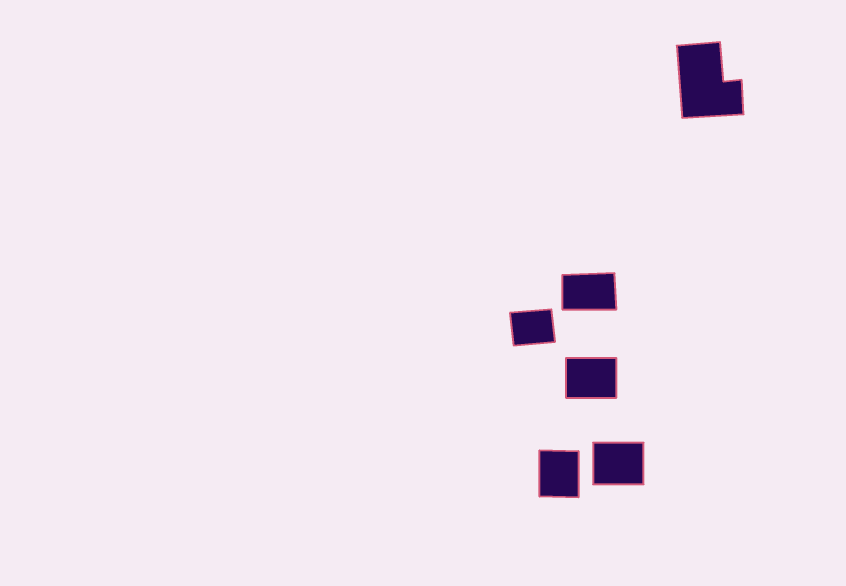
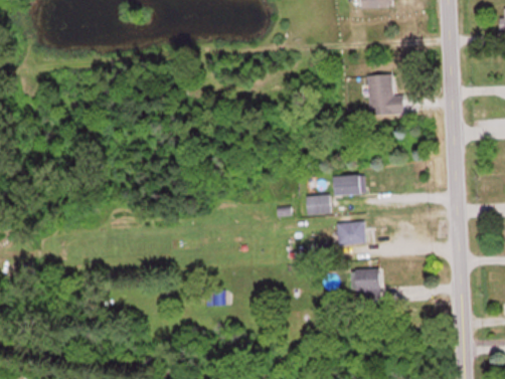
building: [677,42,744,118] -> [367,73,404,116]
building: [540,450,578,497] -> none

